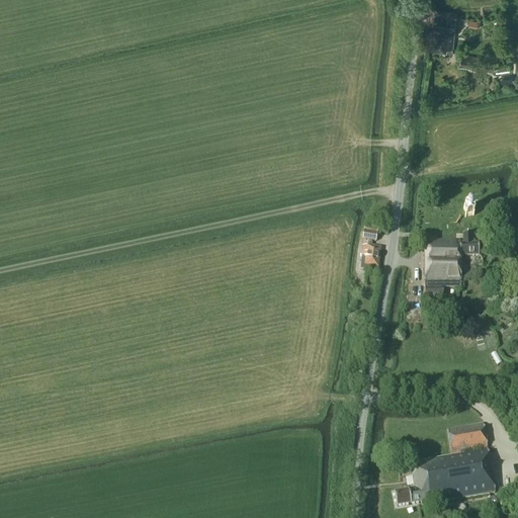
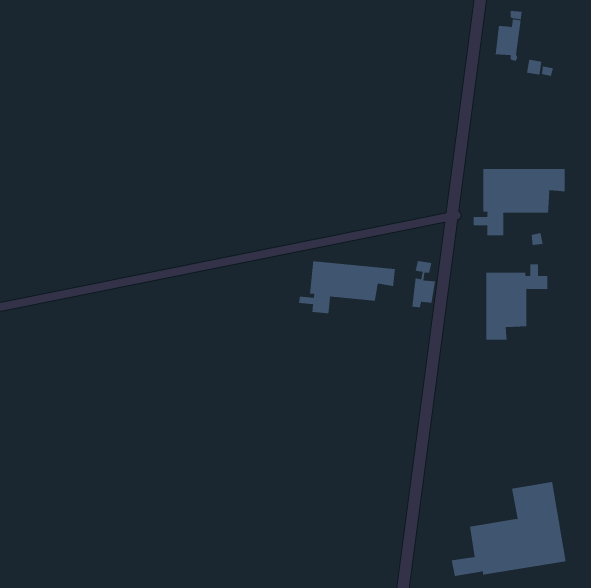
building: none -> [473,168,565,236]
building: none -> [299,261,395,314]

